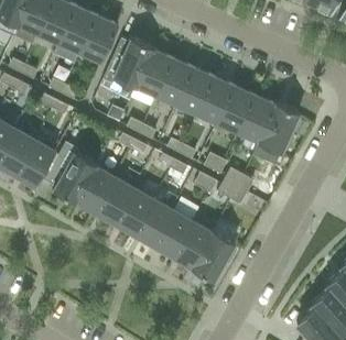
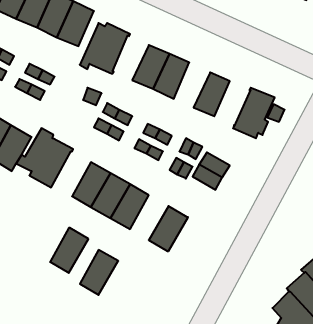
building: [137,50,173,95] -> none
building: [198,77,235,122] -> none
building: [239,96,275,141] -> none
building: [76,166,115,211] -> [50,228,88,273]
building: [154,210,193,255] -> [80,250,118,295]
building: [191,230,236,282] -> none

